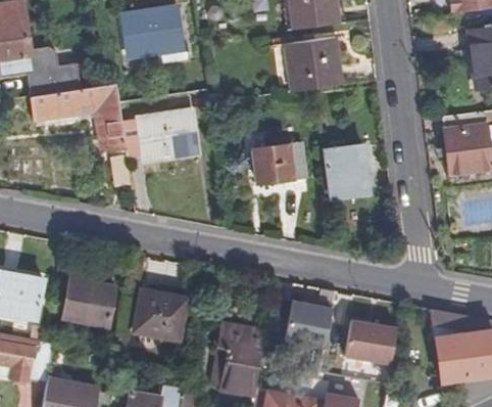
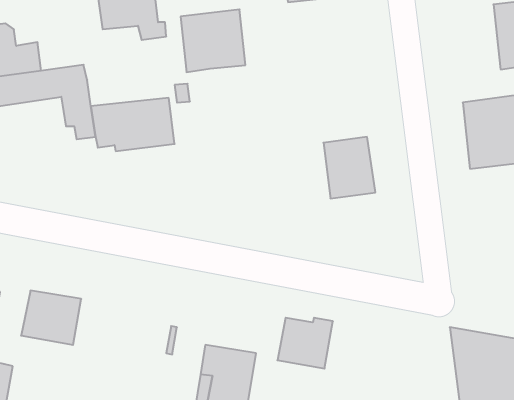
building: [288,37,344,91] -> [181,9,245,72]
building: [252,140,307,181] -> none
building: [133,290,185,340] -> none
building: [345,320,397,364] -> none

